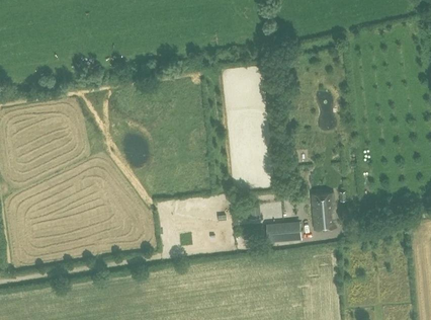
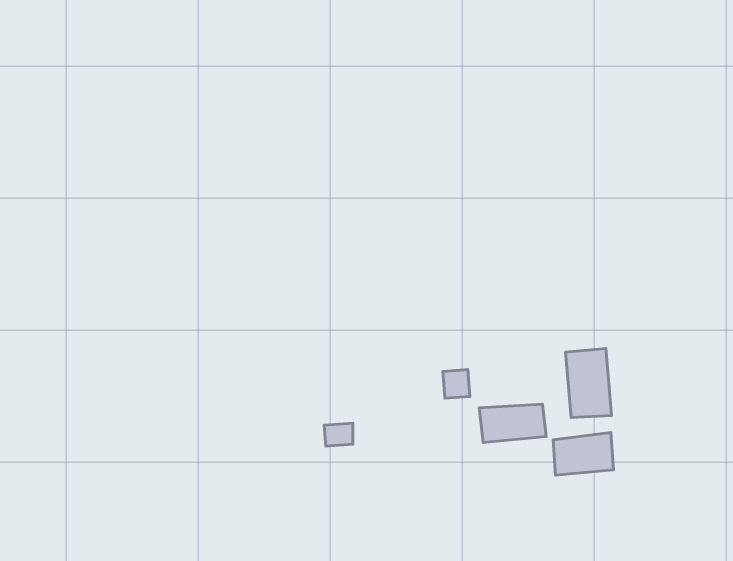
building: none -> [553,433,614,475]

